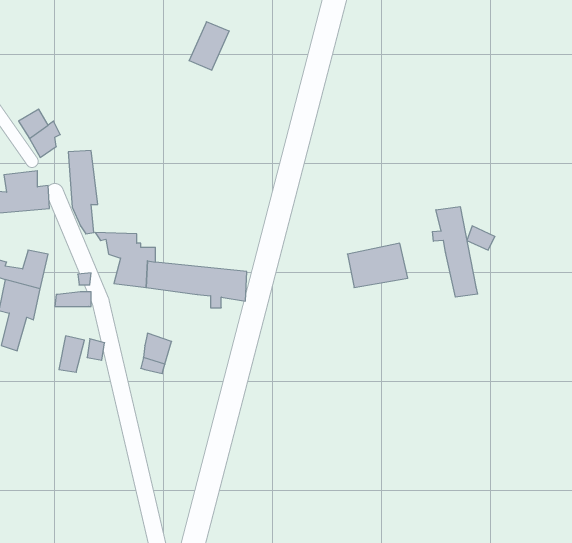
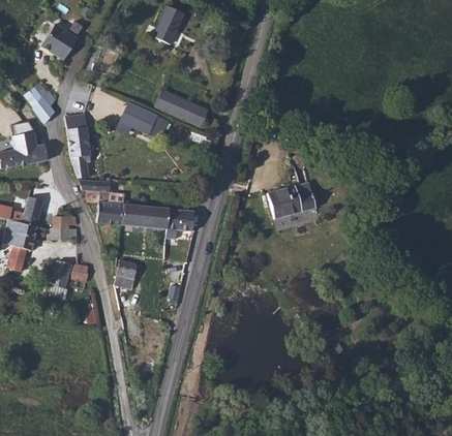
building: none -> [37,23,77,62]
building: none -> [158,88,213,130]
building: none -> [115,104,152,137]
building: [432,207,478,297] -> none

